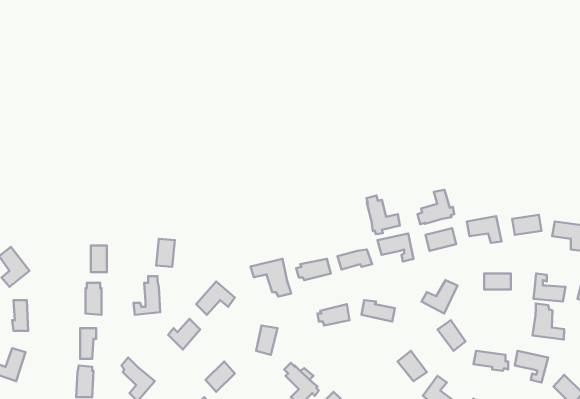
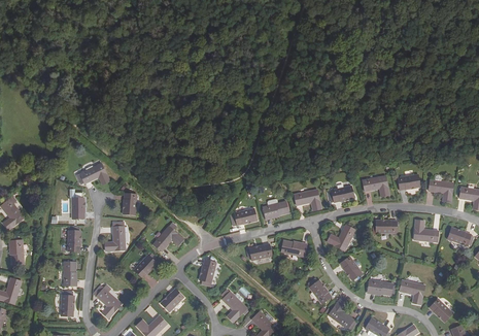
building: [417,190,454,224] -> none
building: [367,196,400,234] -> none
building: none -> [75,162,109,183]
building: [250,259,291,296] -> none
building: [533,304,564,339] -> none

